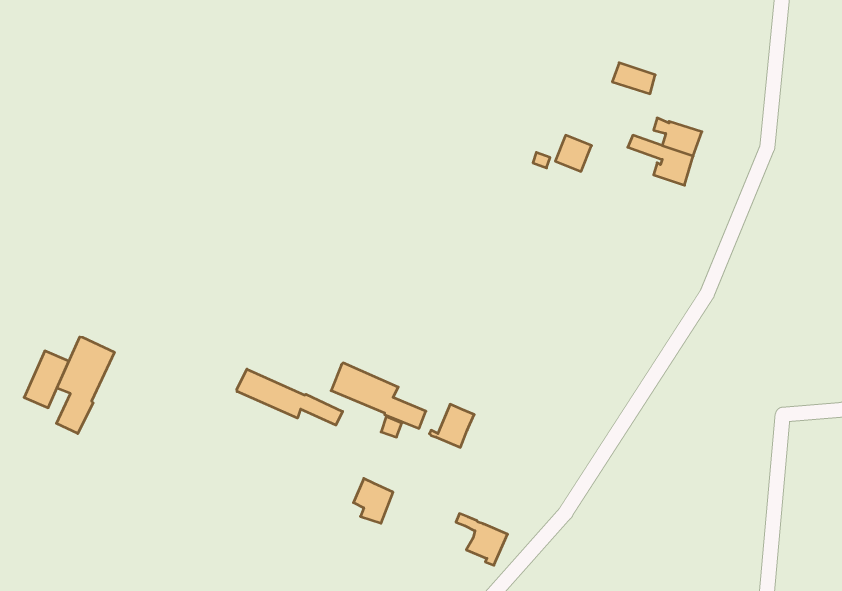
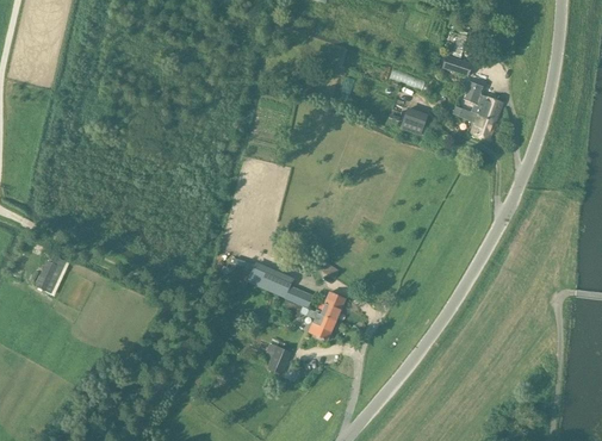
building: [56,337,114,434] -> none
building: [237,369,343,425] -> none
building: [456,514,508,565] -> [300,305,336,341]

